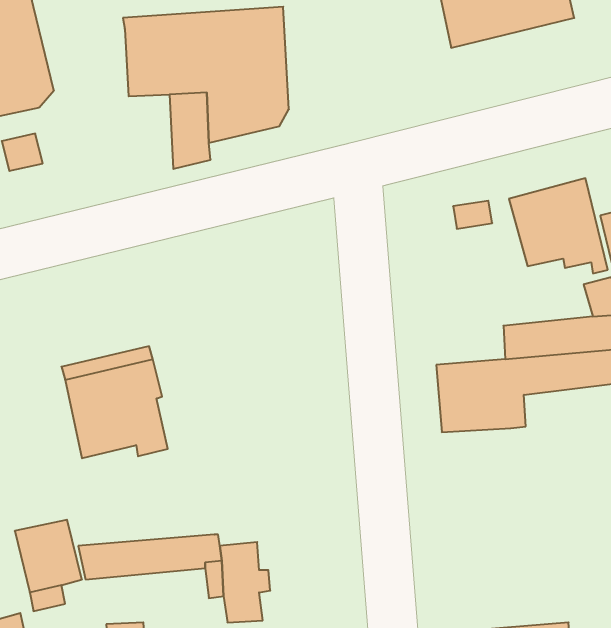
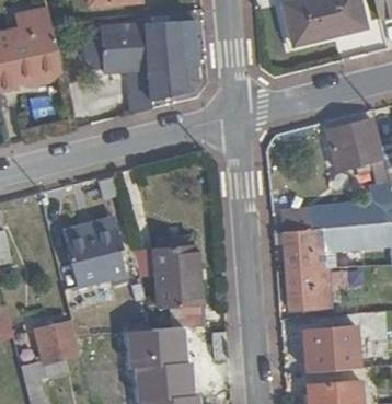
building: none -> [134,243,205,328]
building: none -> [288,267,331,308]
building: none -> [307,326,361,370]

